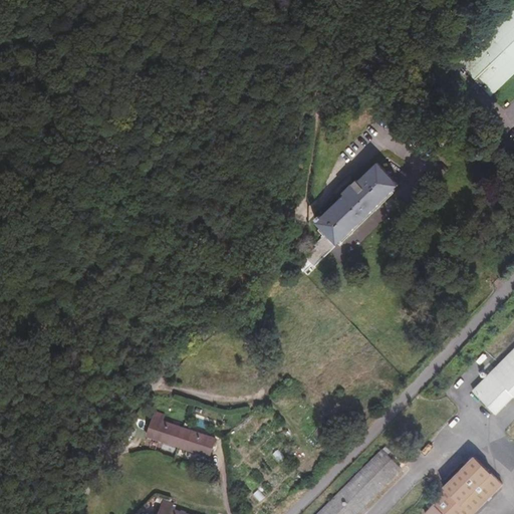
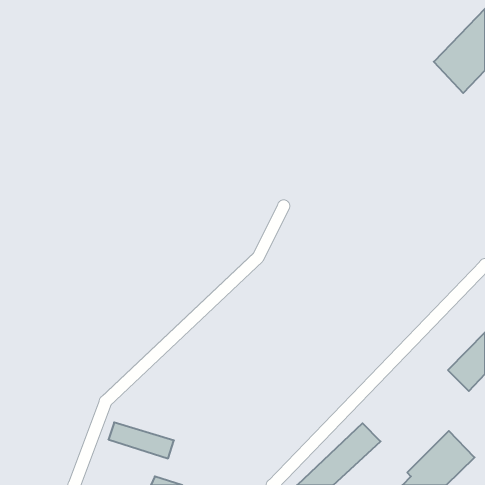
building: [304,167,398,270] -> none
building: [146,417,215,455] -> [108,422,174,458]

